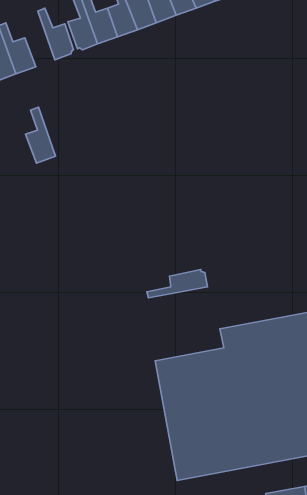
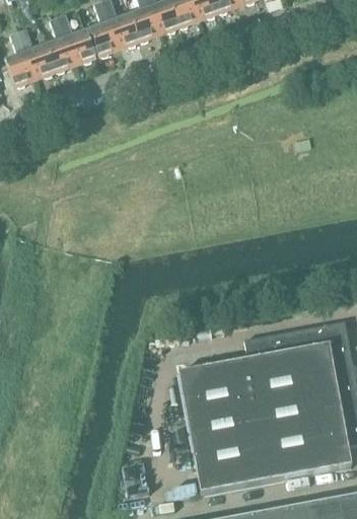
building: [26,107,55,163] -> [46,15,76,72]
building: [147,270,207,298] -> none

